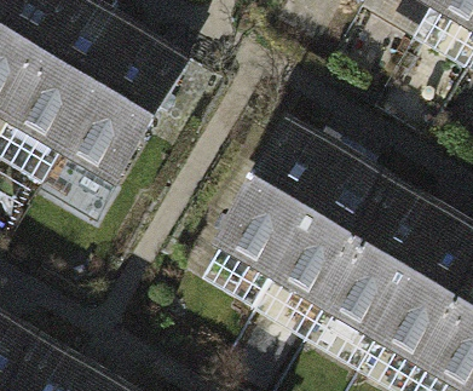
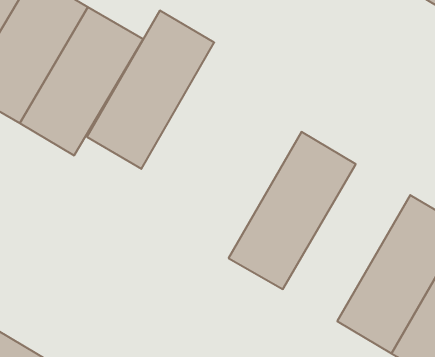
building: [212,137,336,292] -> [87,11,214,169]
building: [318,200,443,353] -> none

